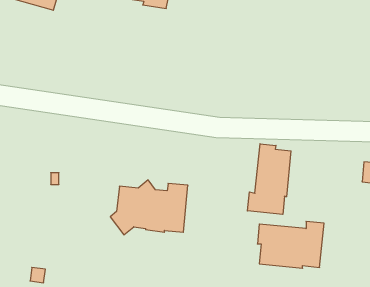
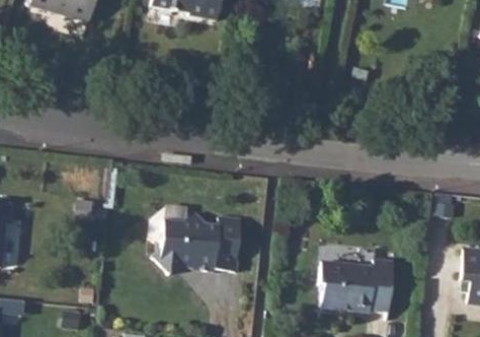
building: [247,144,291,214] -> none

